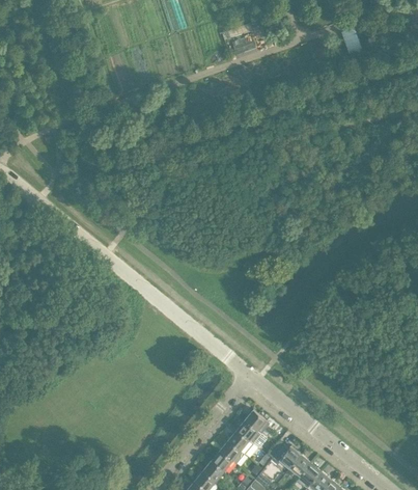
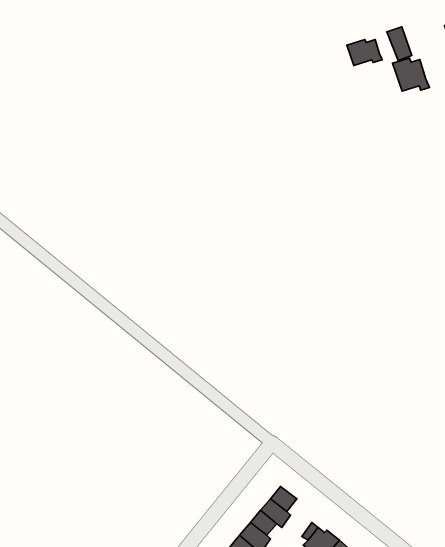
building: none -> [347,39,382,65]
building: none -> [392,58,429,91]

